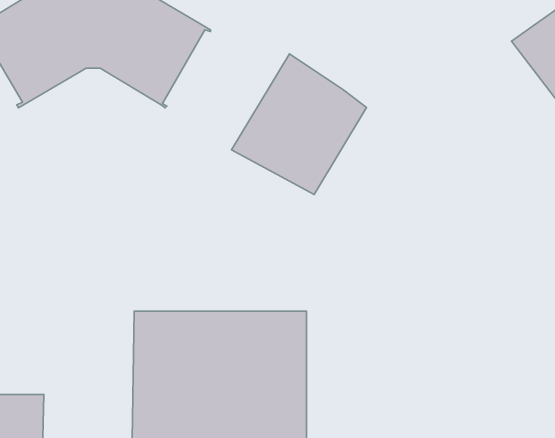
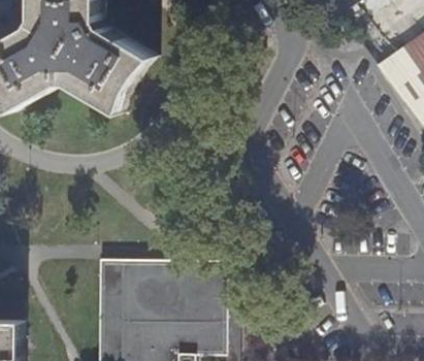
building: [231,54,367,195] -> none

